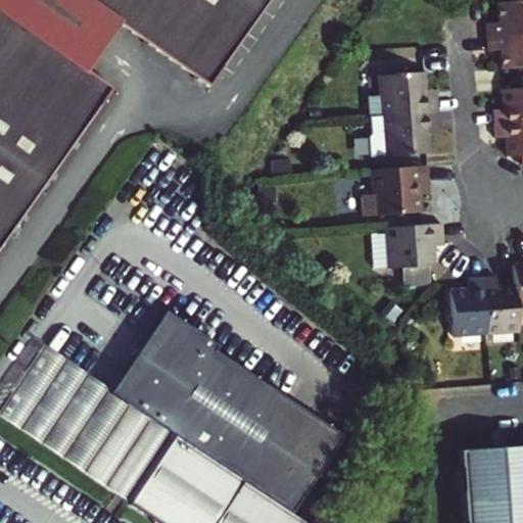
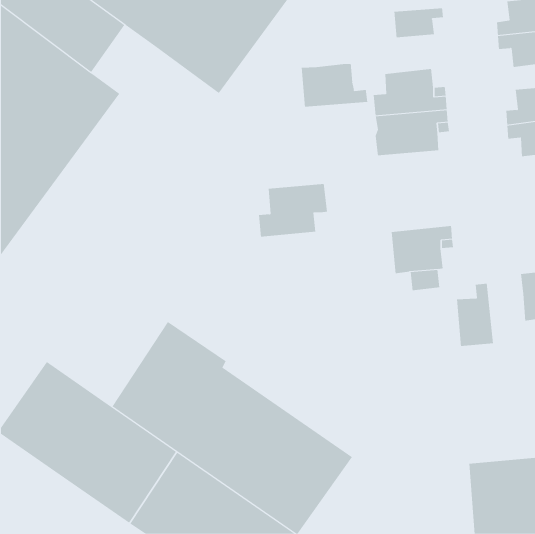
building: none -> [394,8,443,38]
building: none -> [301,63,368,108]
building: [362,160,429,212] -> [258,183,328,237]
building: [476,274,514,333] -> none

